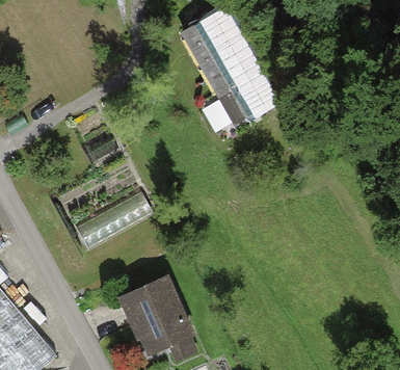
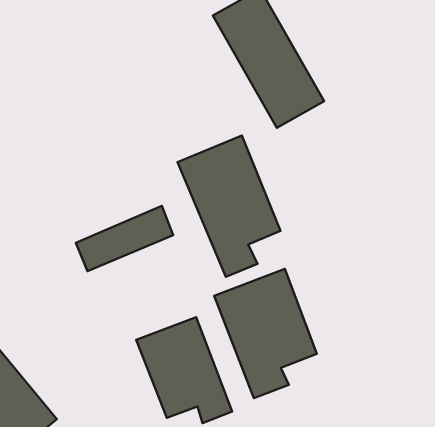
building: none -> [178,136,281,277]
building: none -> [214,269,317,398]

